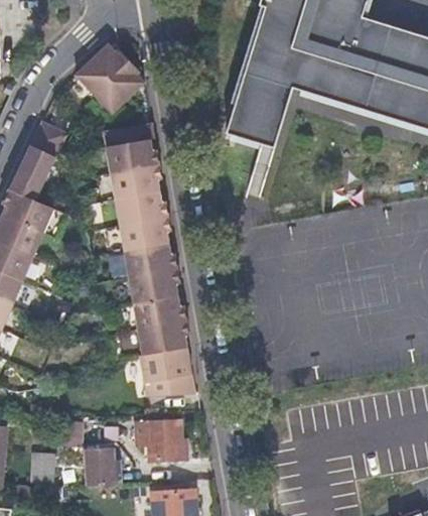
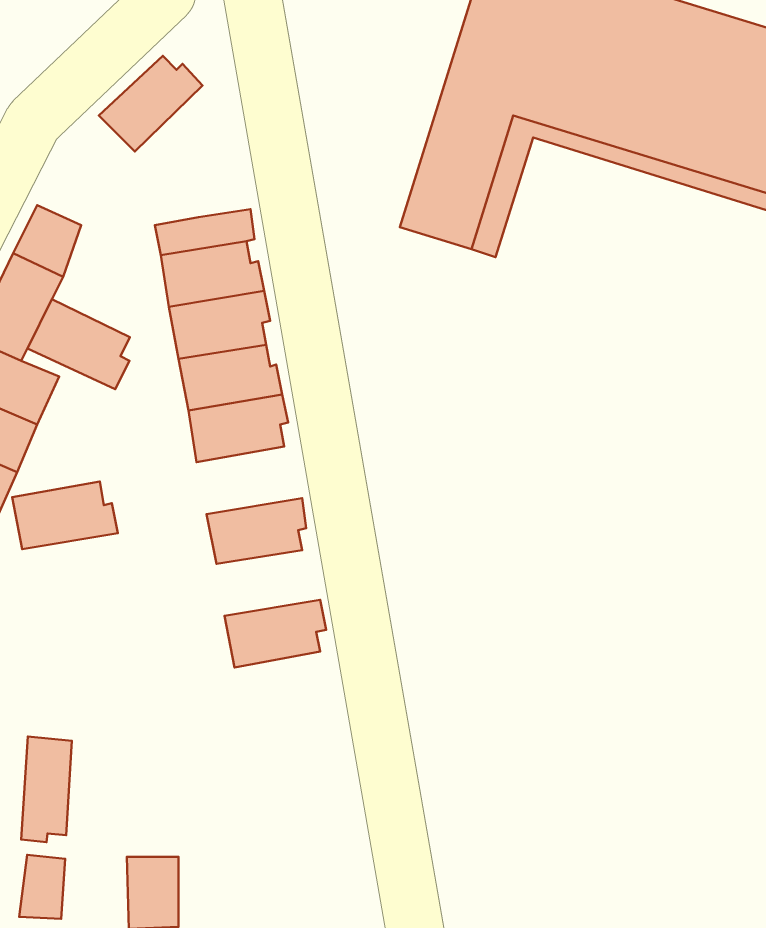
building: [92,60,142,113] -> none
building: none -> [27,299,130,389]
building: [123,243,176,277] -> [12,481,118,549]
building: [133,295,185,329] -> none
building: [139,347,193,397] -> none
building: none -> [21,737,72,842]
building: [136,419,183,460] -> none

